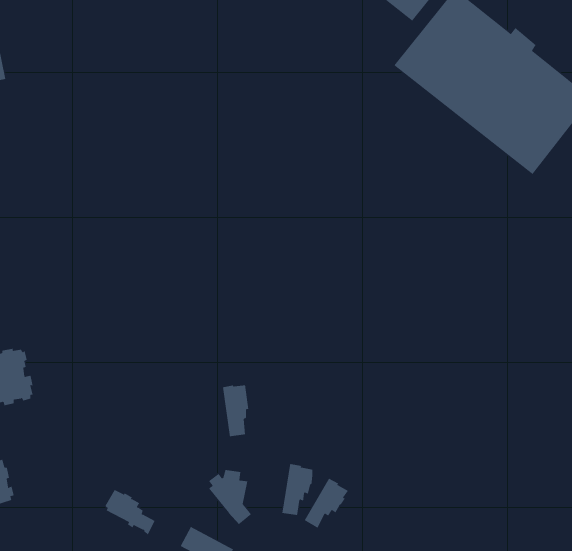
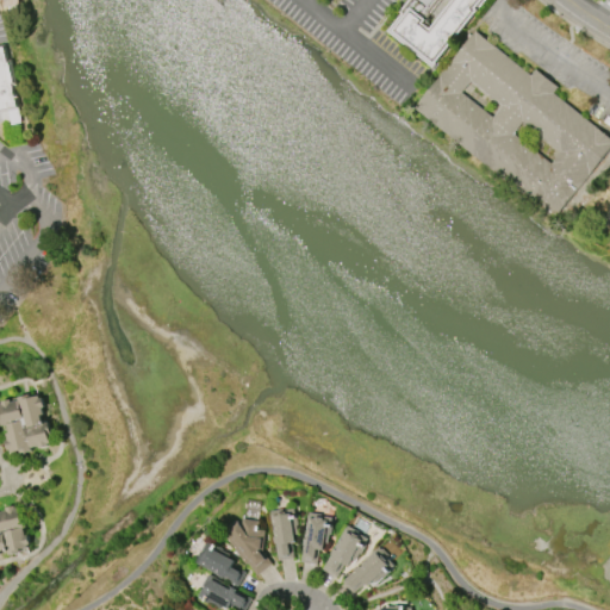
building: [222,385,249,437] -> [269,508,297,560]
building: [105,489,155,535] -> [193,539,244,585]
building: none -> [341,546,393,592]

